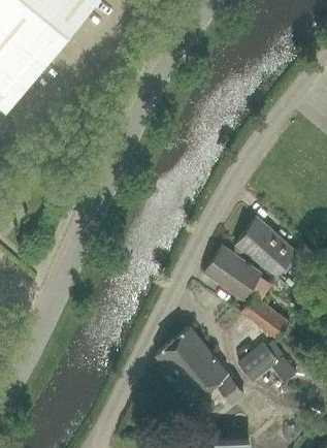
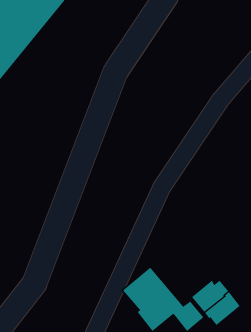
building: [236,218,296,277] -> none
building: [203,246,261,299] -> none
building: [241,296,290,341] -> none

